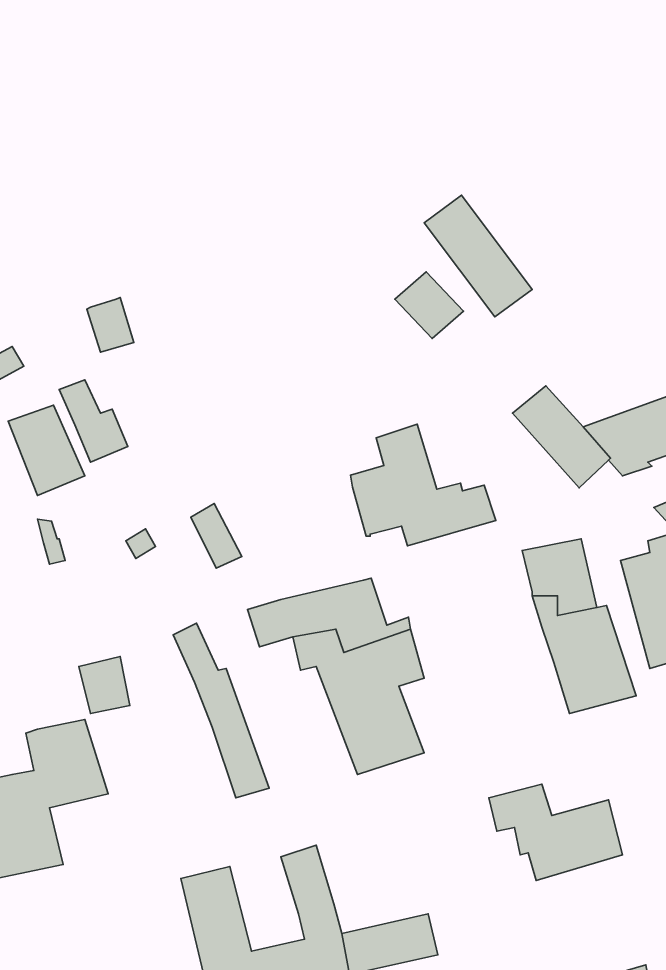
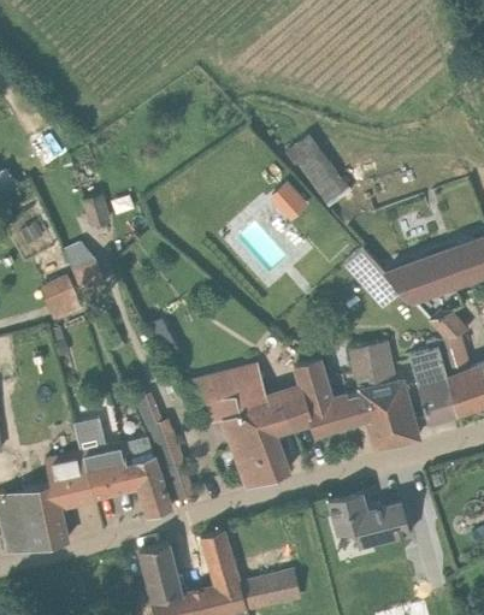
building: [351,424,496,546] -> [279,360,368,434]
building: none -> [81,438,172,516]

